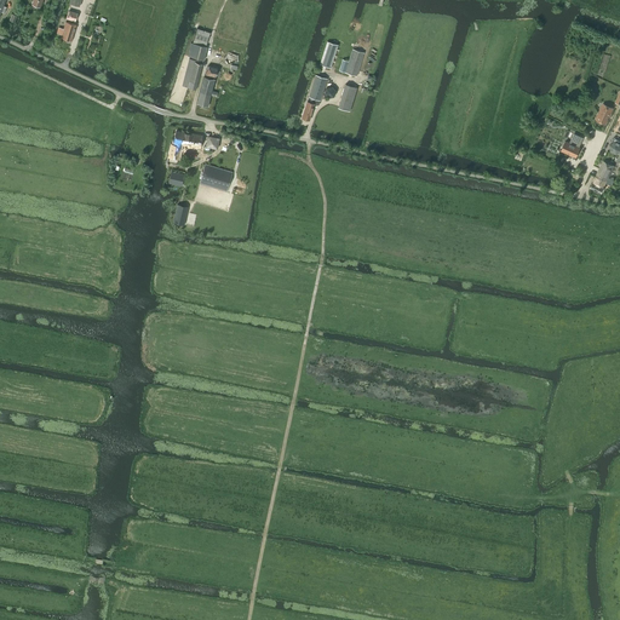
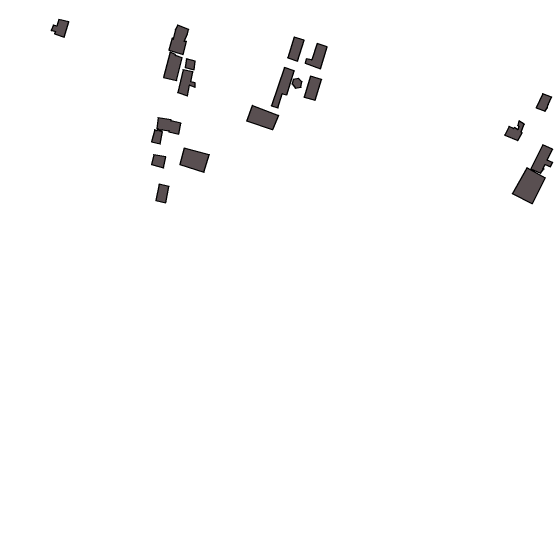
building: none -> [247,105,278,130]
building: none -> [512,168,545,204]

